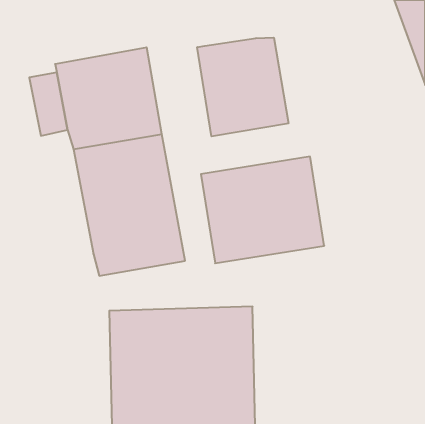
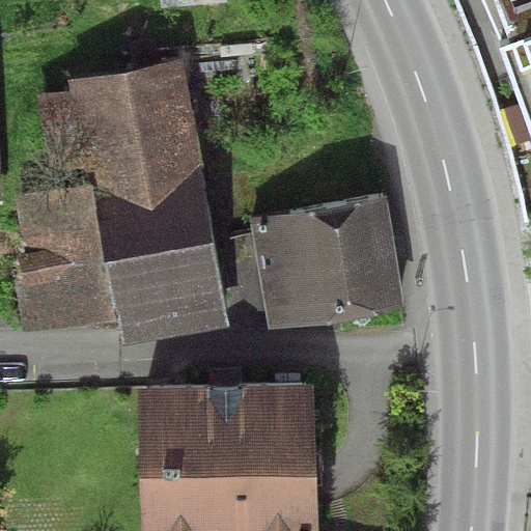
building: [197,38,288,136] -> none
building: none -> [15,188,116,334]

